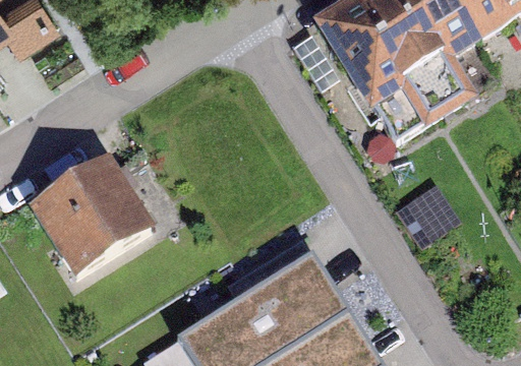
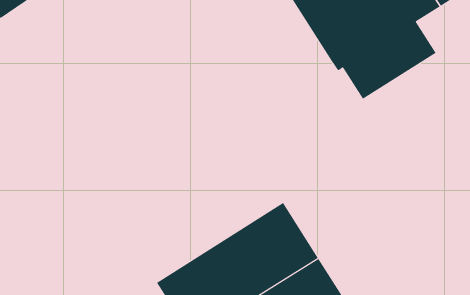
building: [20,161,142,281] -> none

